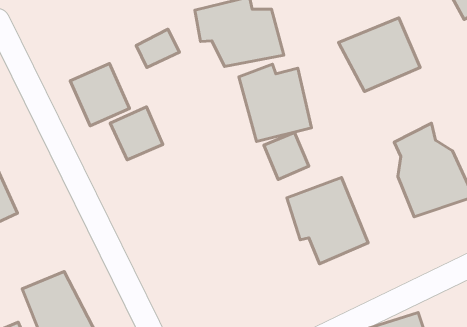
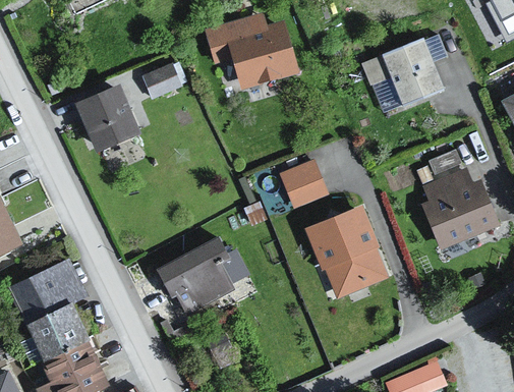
building: [239,64,312,141] -> none
building: [110,107,163,160] -> none
building: none -> [155,235,250,315]
building: none -> [8,259,88,326]

